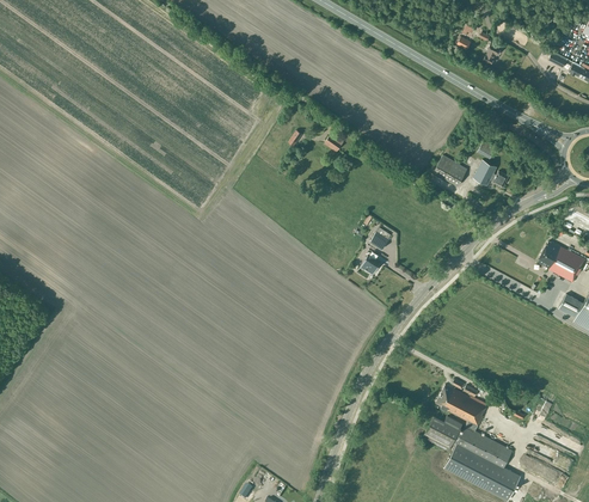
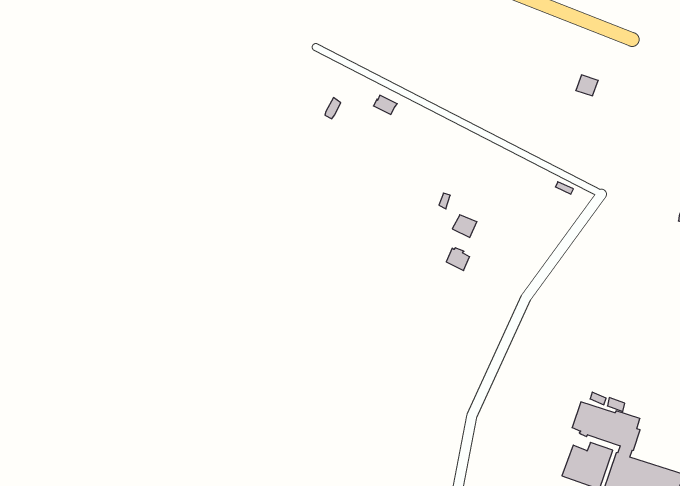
building: [434,155,468,186] -> none
building: [473,159,509,188] -> none

